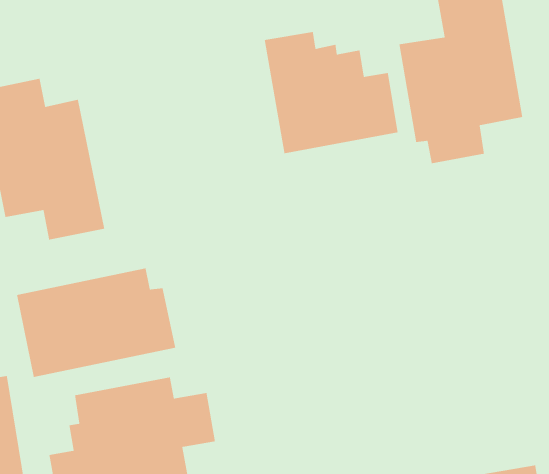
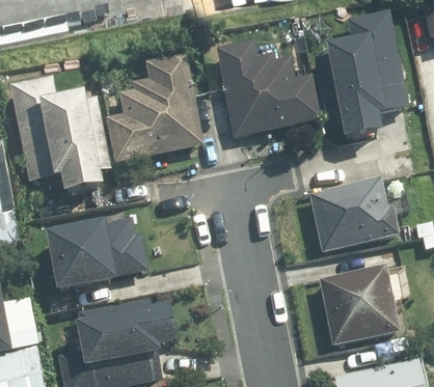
building: none -> [108,53,205,161]
building: none -> [311,175,400,249]
building: none -> [320,264,399,343]

